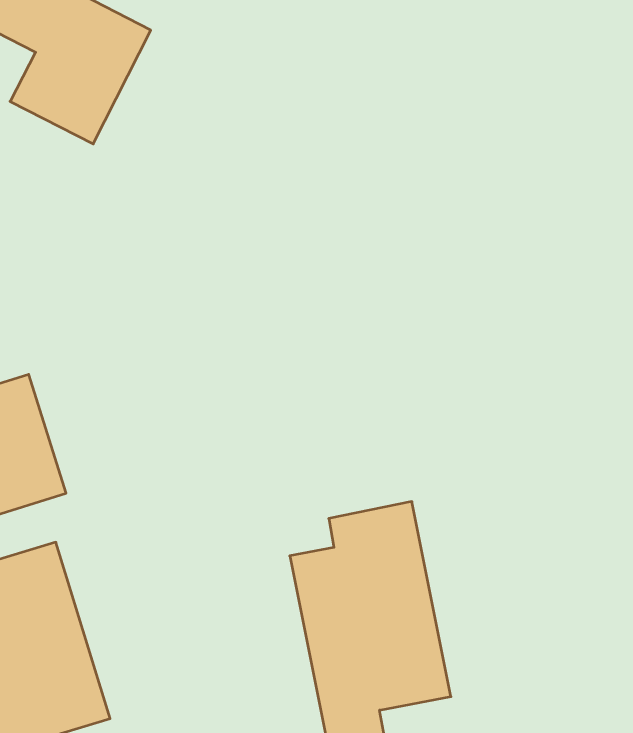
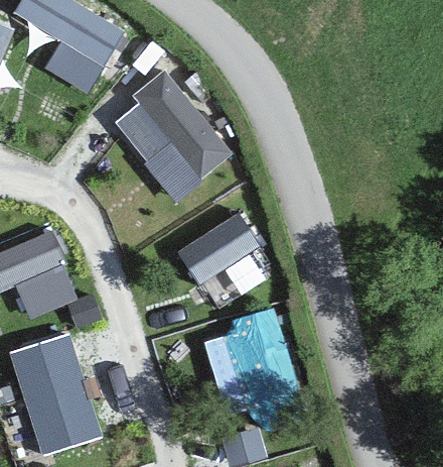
building: none -> [109,74,235,202]
building: none -> [174,215,259,281]

